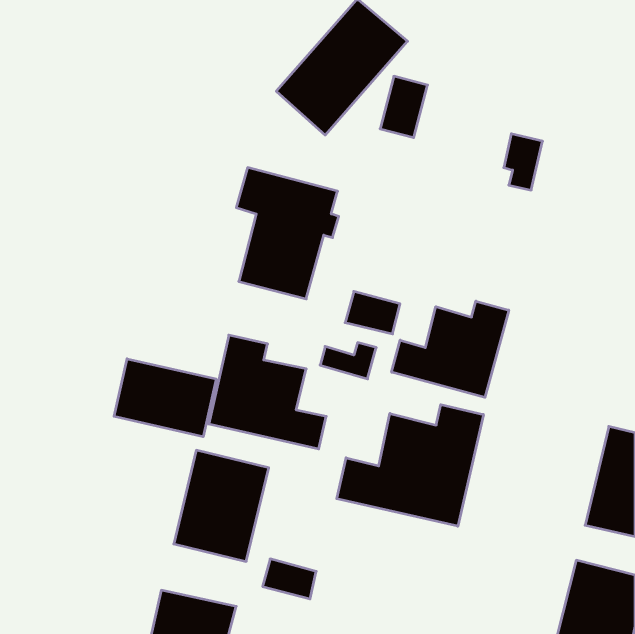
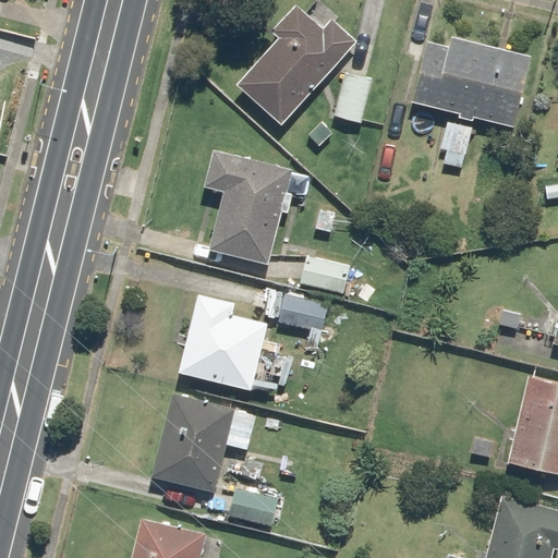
building: none -> [412,38,531,128]
building: [392,301,509,397] -> none
building: [114,359,216,437] -> none
building: [337,405,483,526] -> none

